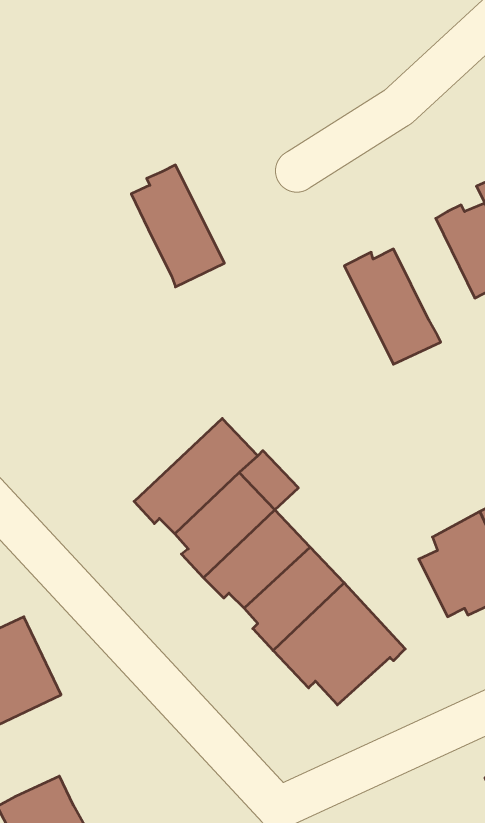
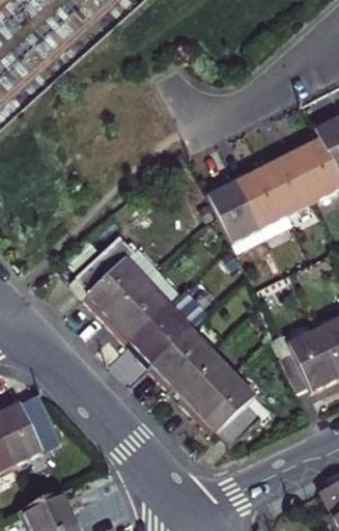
building: [131,165,224,287] -> [207,179,264,254]
building: none -> [264,150,314,213]
building: none -> [69,237,160,324]

